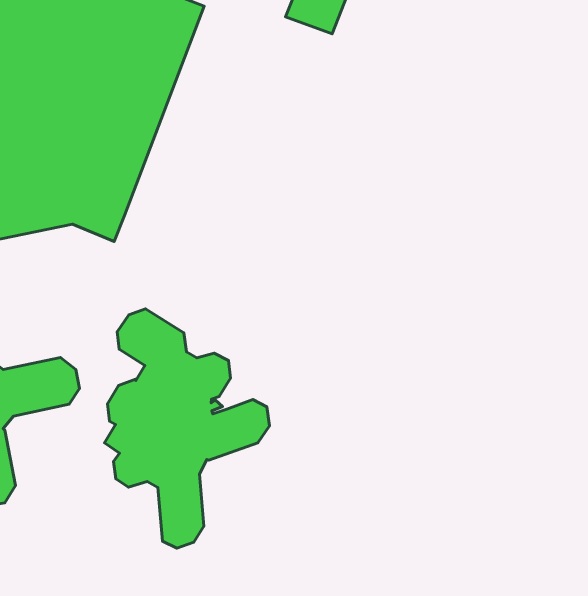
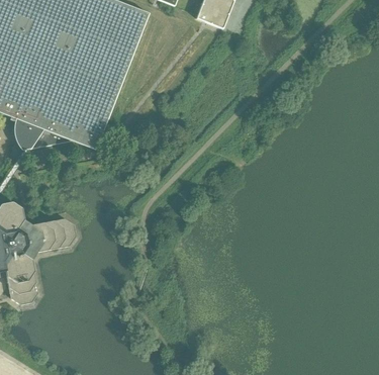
building: [104,309,270,548] -> none

